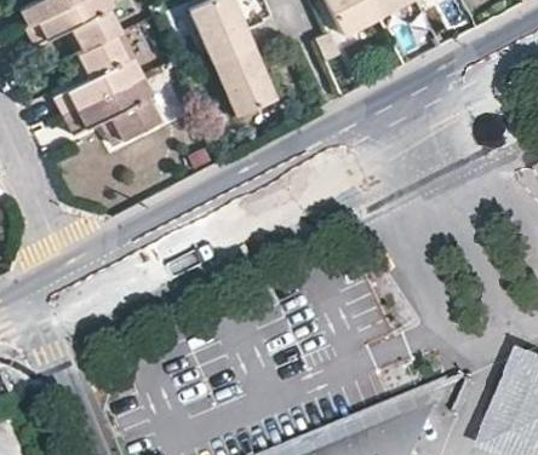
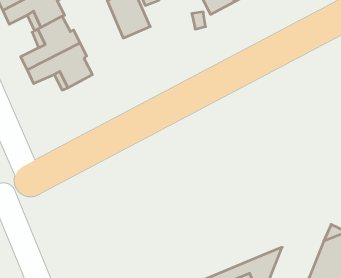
building: [211,51,273,121] -> none

